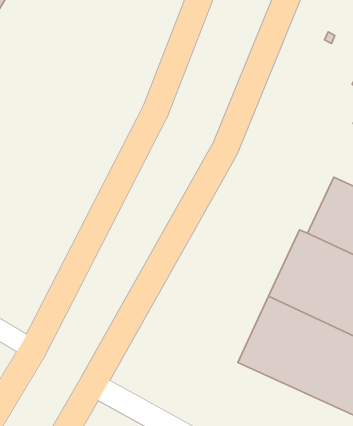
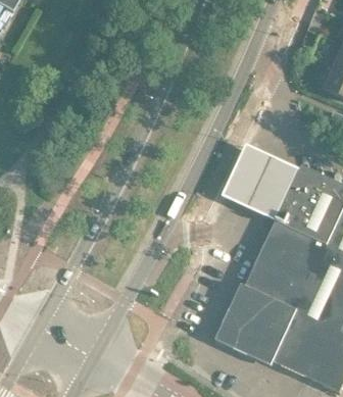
building: none -> [222,142,307,220]

